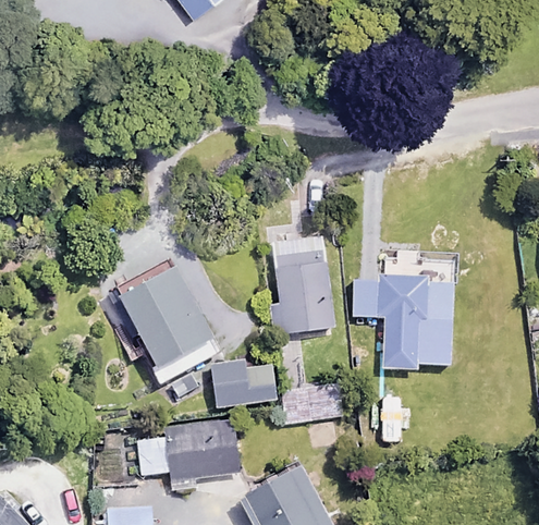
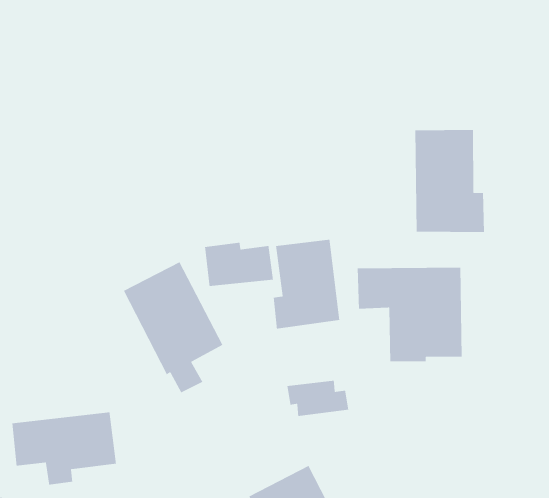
building: none -> [415,129,485,233]
building: [208,361,275,404] -> [204,242,274,287]
building: [136,420,238,492] -> [11,412,117,485]

